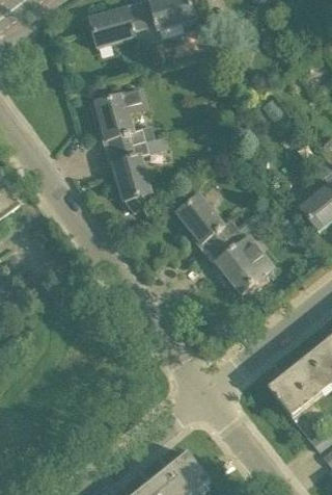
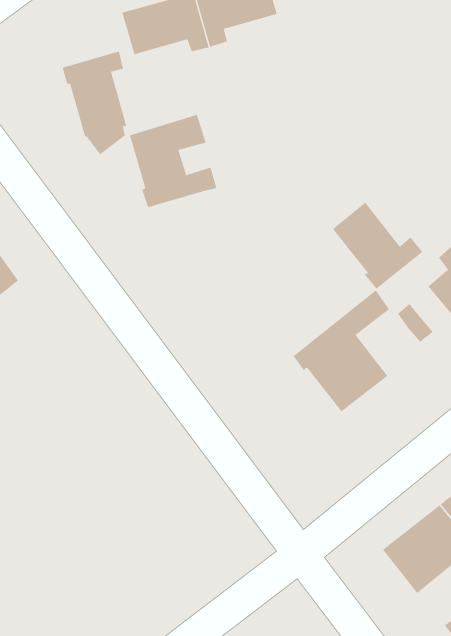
building: [106,140,150,212] -> [62,51,127,155]
building: [175,193,238,254] -> [332,202,423,290]

